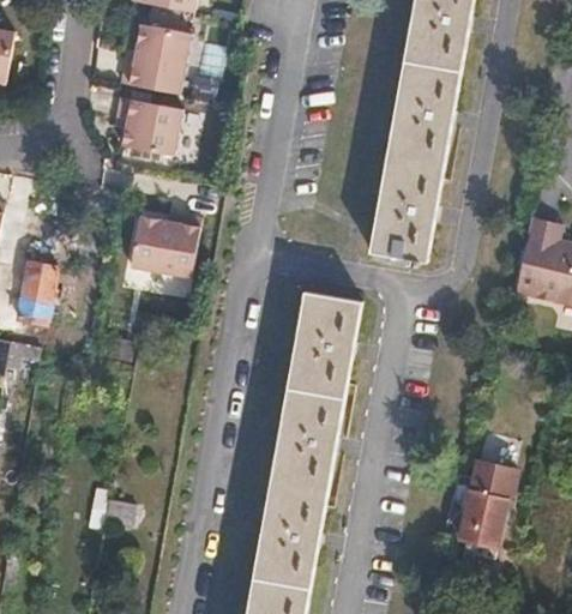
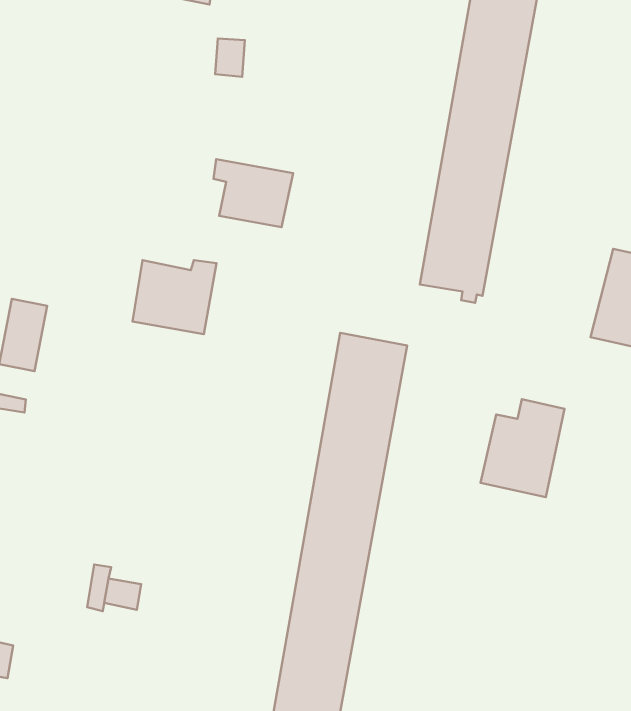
building: [120,23,192,94] -> none
building: [116,97,183,155] -> [213,159,293,227]
building: [442,462,513,544] -> [481,399,564,497]

